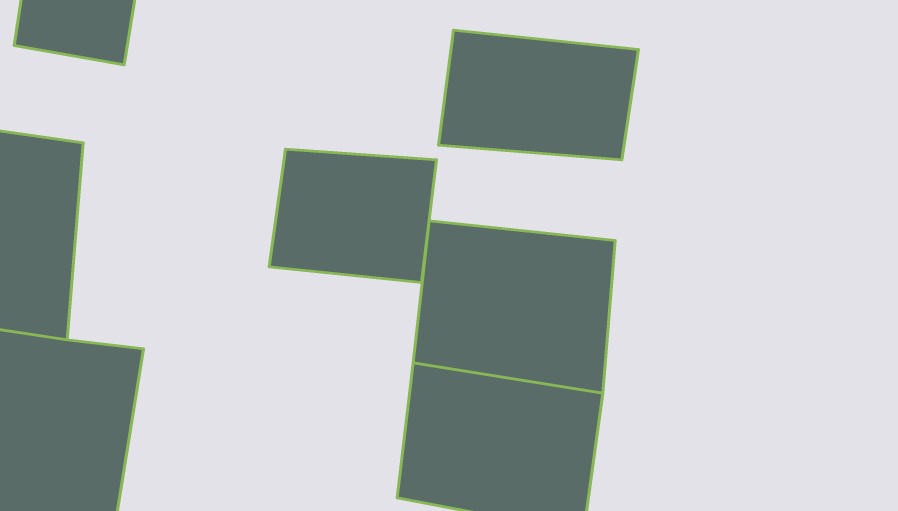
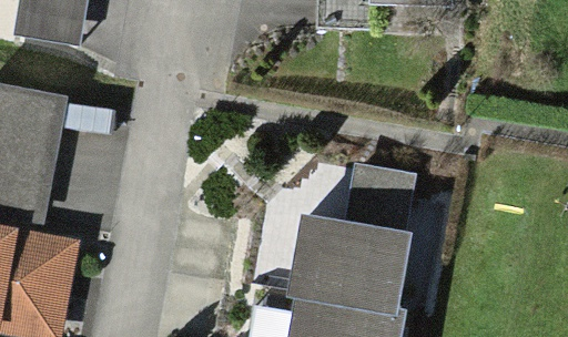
building: [439,30,639,160] -> none
building: [269,149,437,283] -> none

